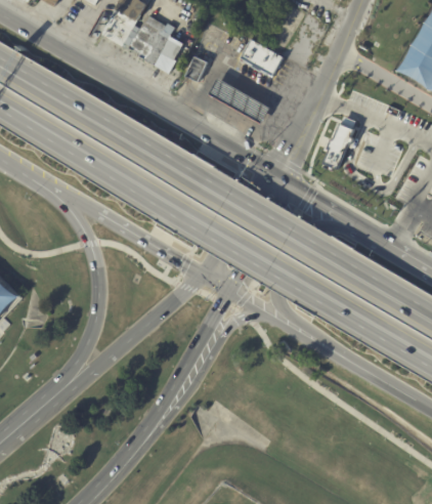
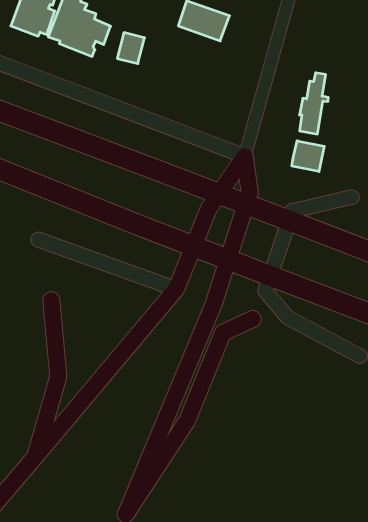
building: [208,77,269,122] -> none
building: none -> [292,141,324,172]

